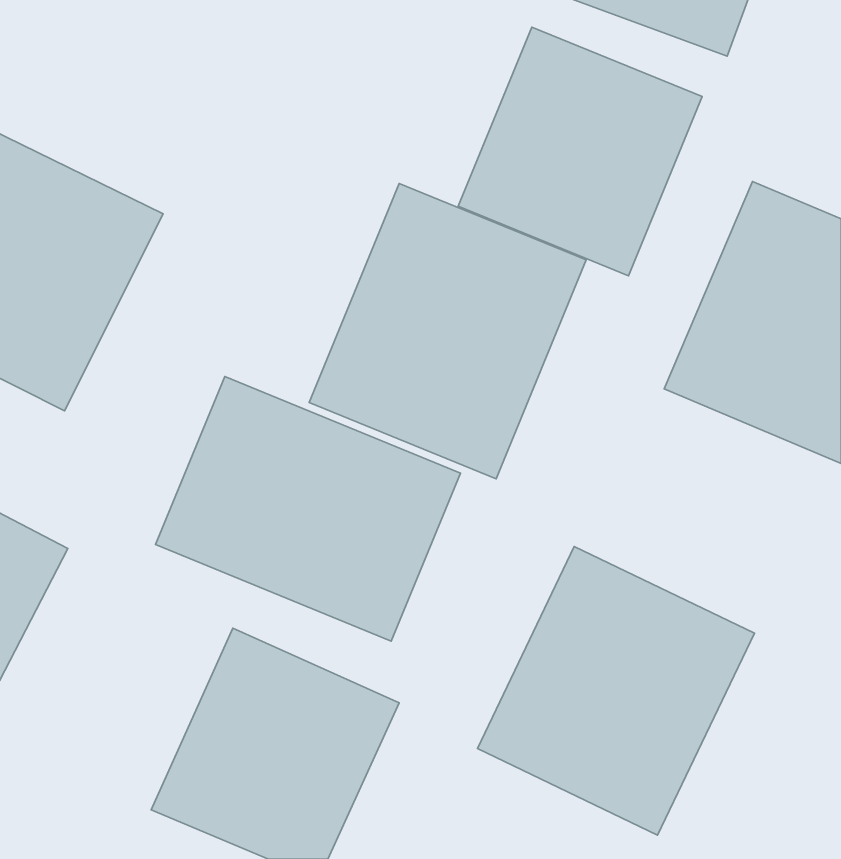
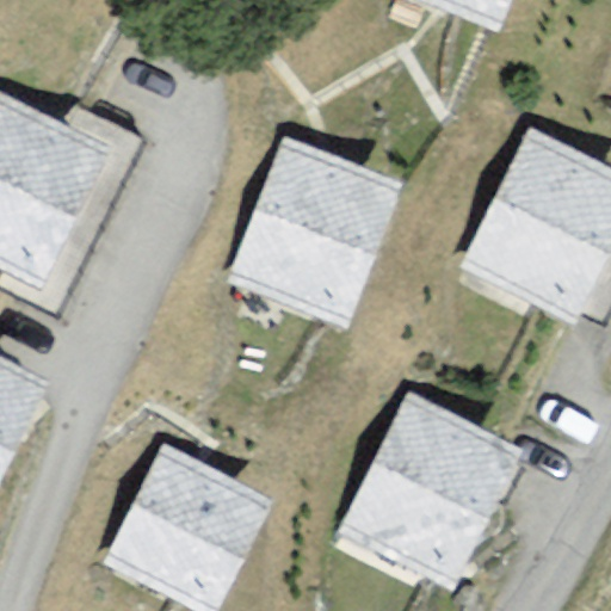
building: [458,27,702,276] -> none
building: [156,377,460,641] -> none

